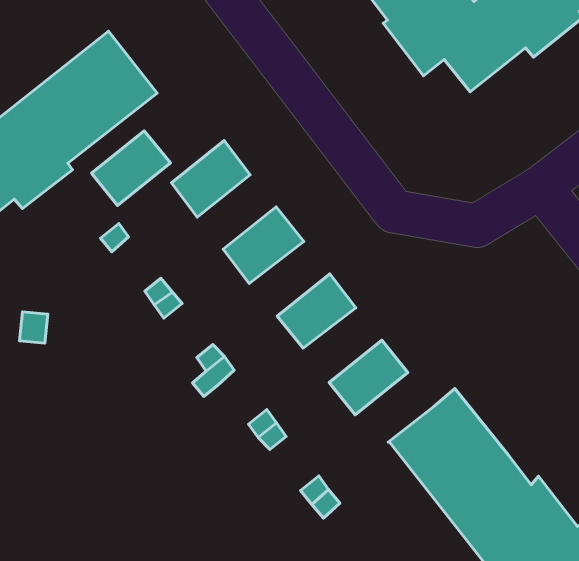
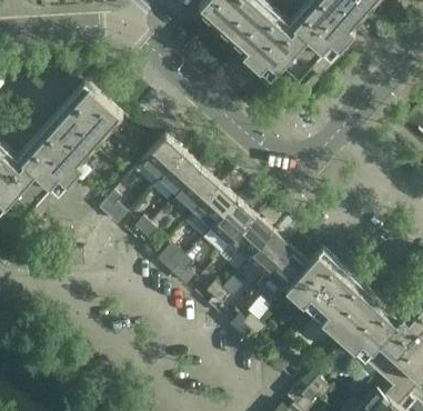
building: [91,131,170,205] -> [157,153,200,198]
building: none -> [192,186,236,230]
building: none -> [229,218,272,262]
building: none -> [264,249,308,294]

